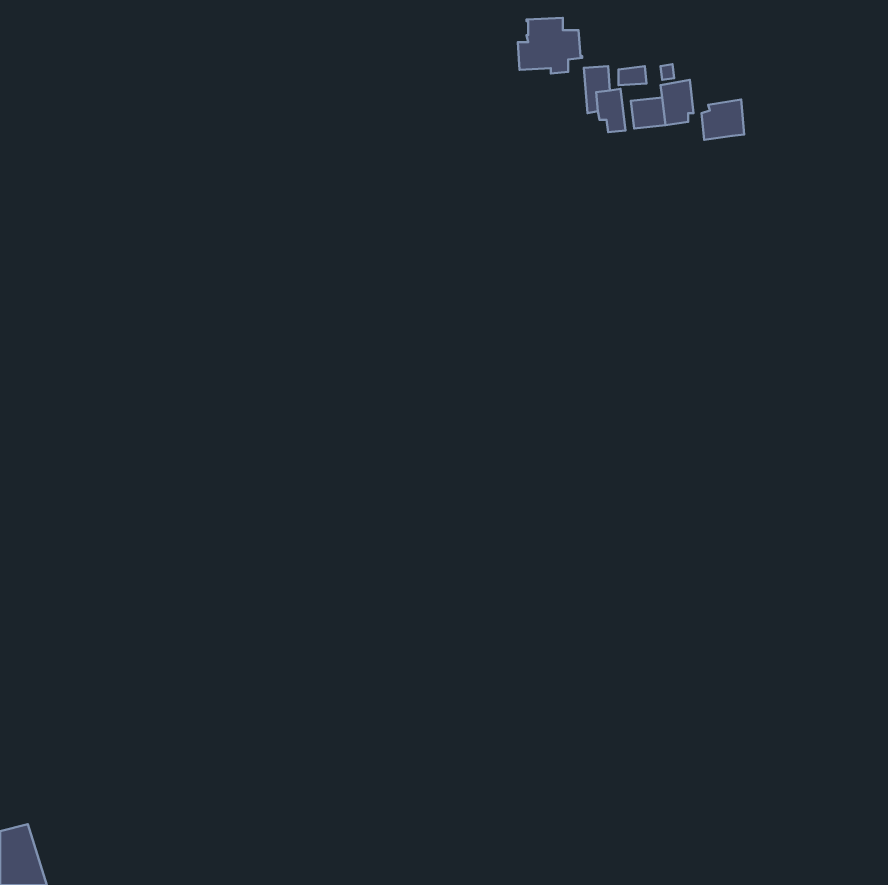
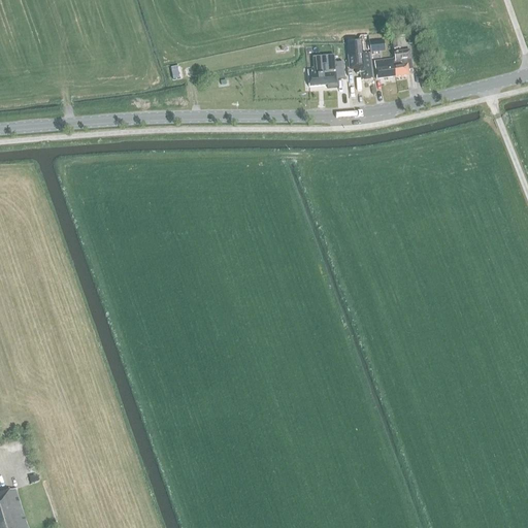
building: [518,18,582,73] -> [307,55,345,88]
building: [701,99,744,140] -> none

